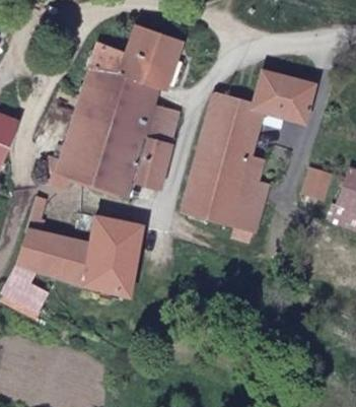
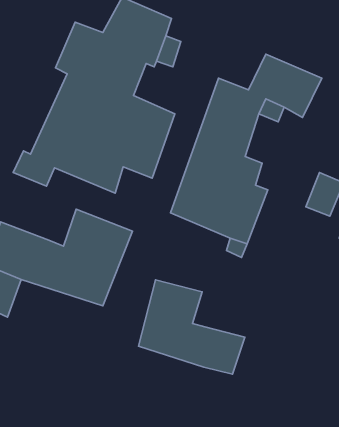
building: none -> [139,280,245,374]

